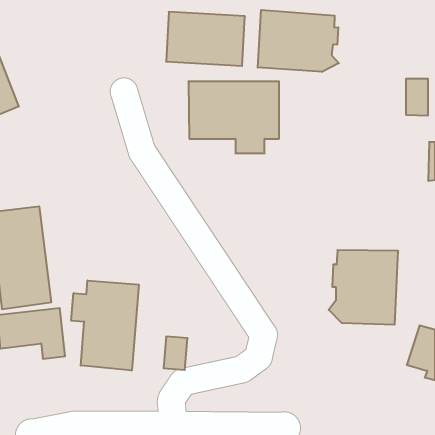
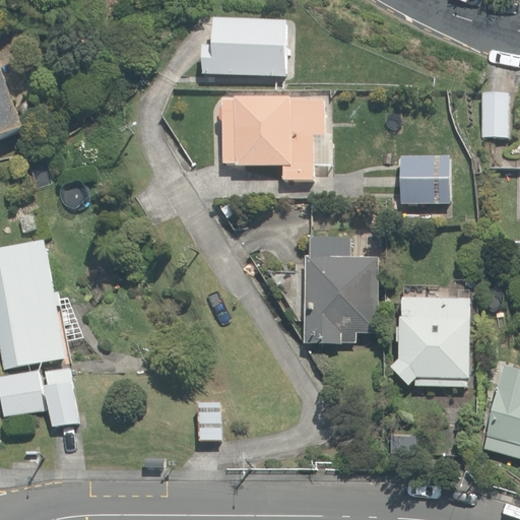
building: [258,10,339,72] -> none
building: none -> [399,151,451,204]
building: none -> [308,235,378,343]
building: [71,280,139,371] -> none

